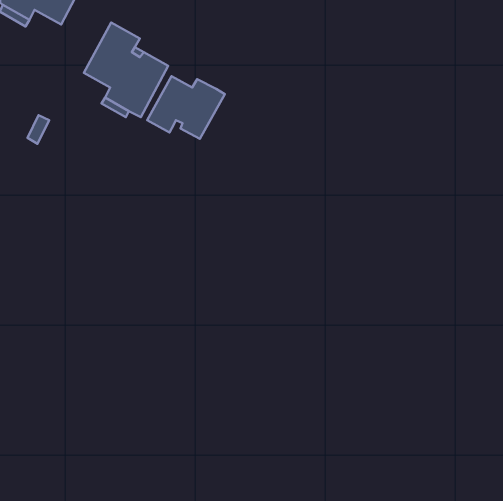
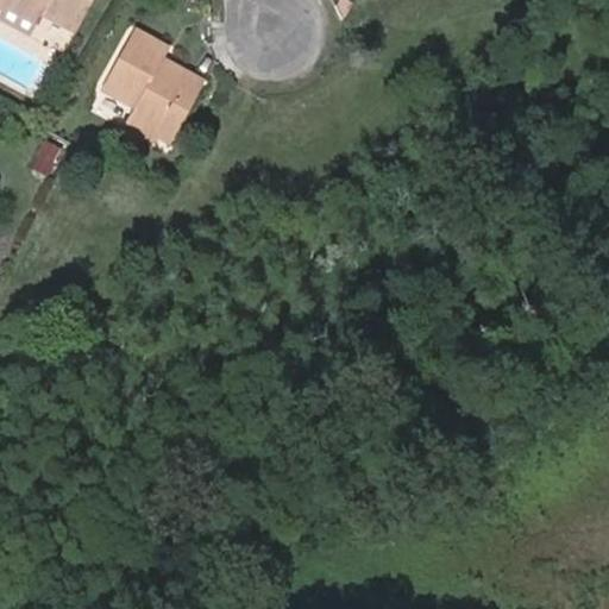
building: [147,76,225,139] -> none

